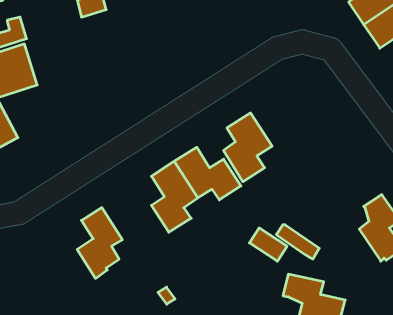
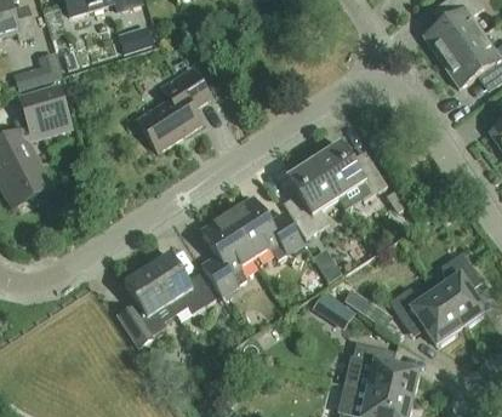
building: none -> [136,65,210,152]
building: none -> [313,143,387,200]
building: none -> [146,252,215,312]
building: none -> [389,287,460,345]

